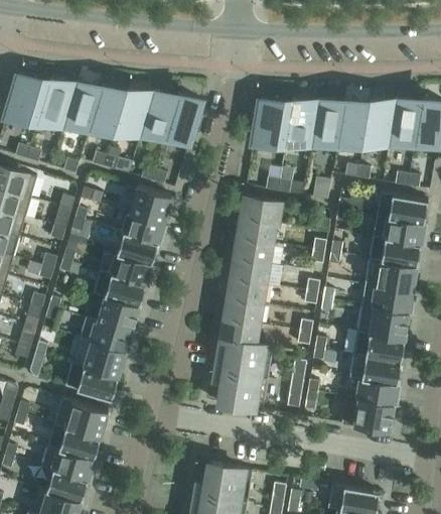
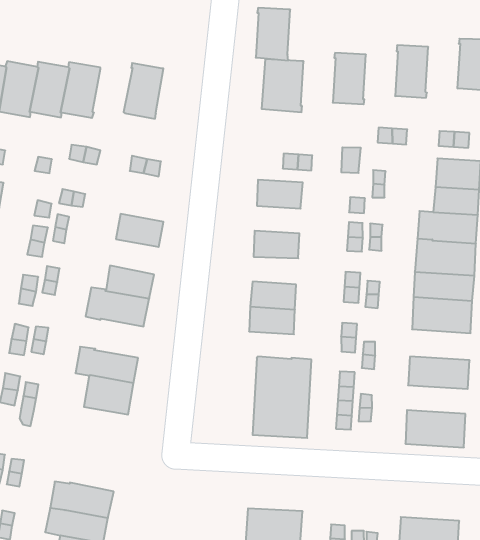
building: [115,88,151,135] -> none
building: [166,94,200,140] -> none
building: [336,99,369,144] -> none
building: [388,99,420,144] -> none
building: [285,100,317,145] -> [256,8,290,60]
building: [129,186,171,223] -> none
building: [237,218,276,244] -> none
building: [116,233,157,265] -> none
building: [231,259,270,285] -> none
building: [96,296,138,332] -> none
building: [220,319,260,346] -> none
building: [352,332,404,362] -> none
building: [64,364,118,400] -> none
building: [357,379,397,405] -> none
building: [52,398,107,438] -> none

